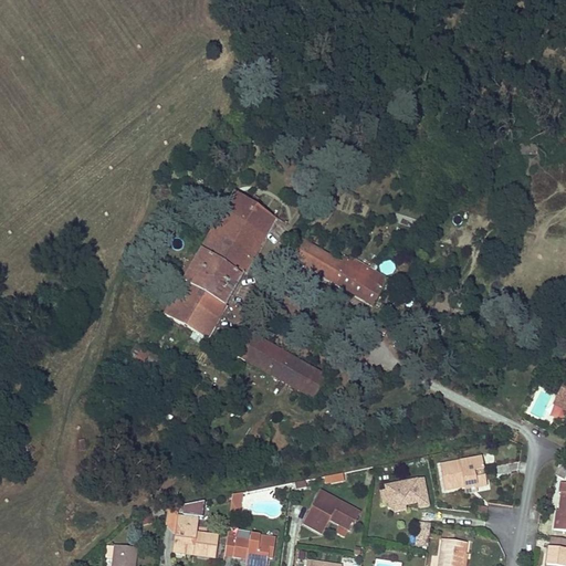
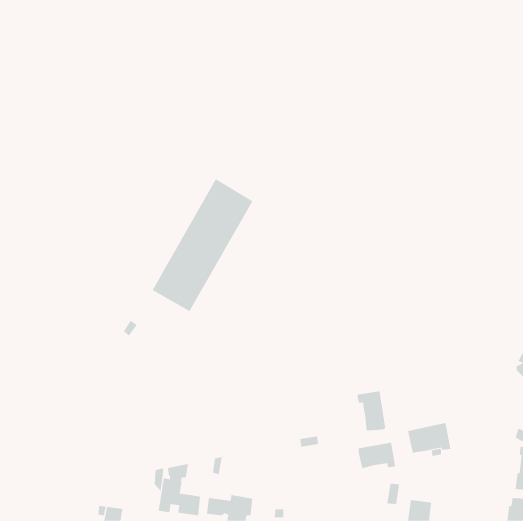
building: [293,235,388,298] -> none
building: [237,332,325,397] -> none
building: none -> [357,390,386,431]
building: [302,490,360,533] -> none

